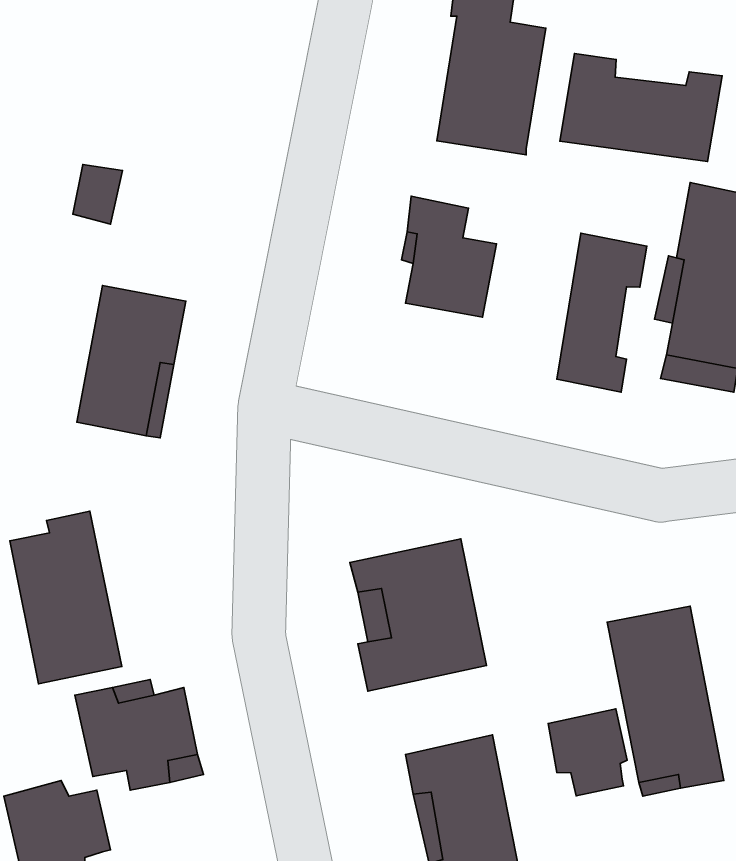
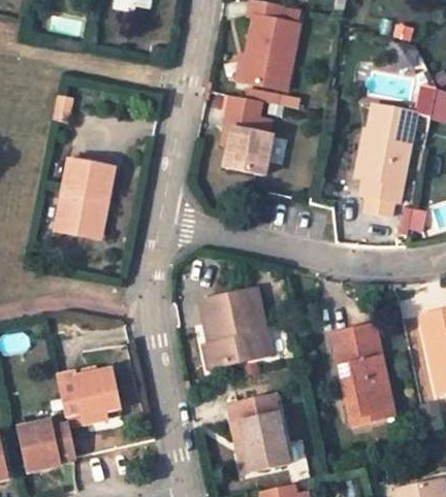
building: [560,54,722,161] -> none
building: [557,233,647,392] -> none
building: [10,511,122,684] -> none
building: [548,709,627,796] -> none

